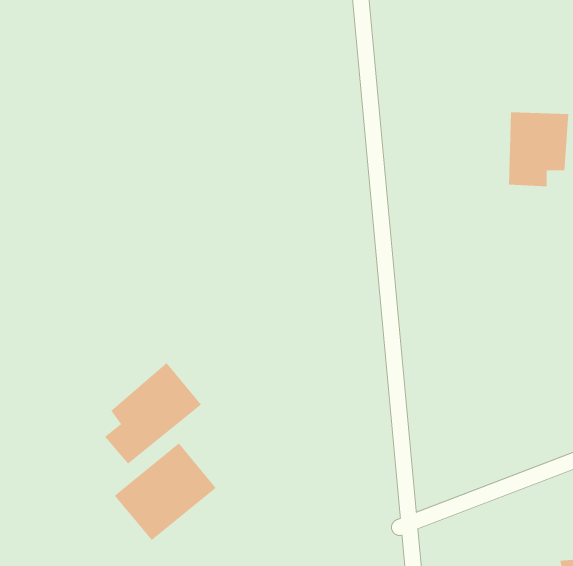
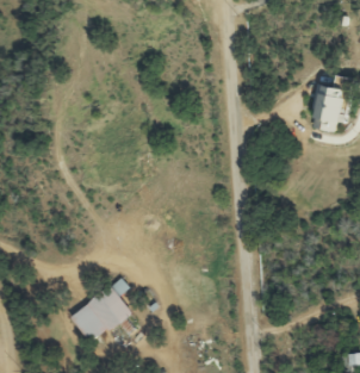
building: [104,362,202,464] -> none

